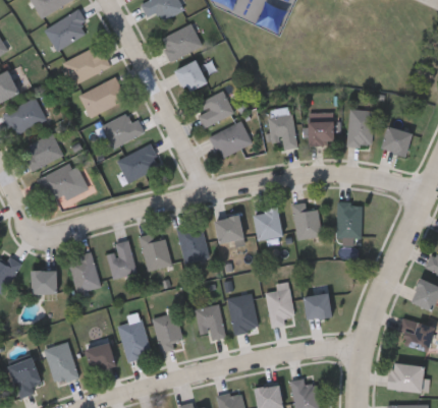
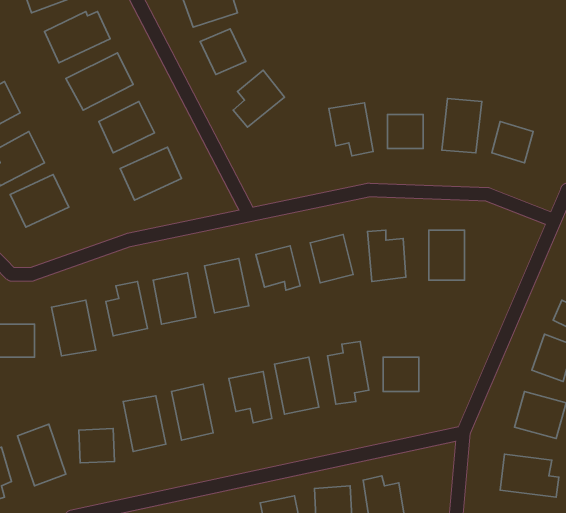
building: [210,121,252,159] -> none

